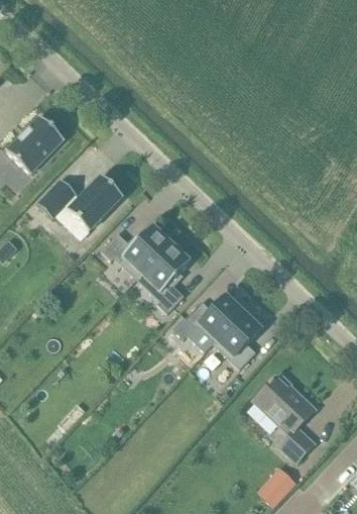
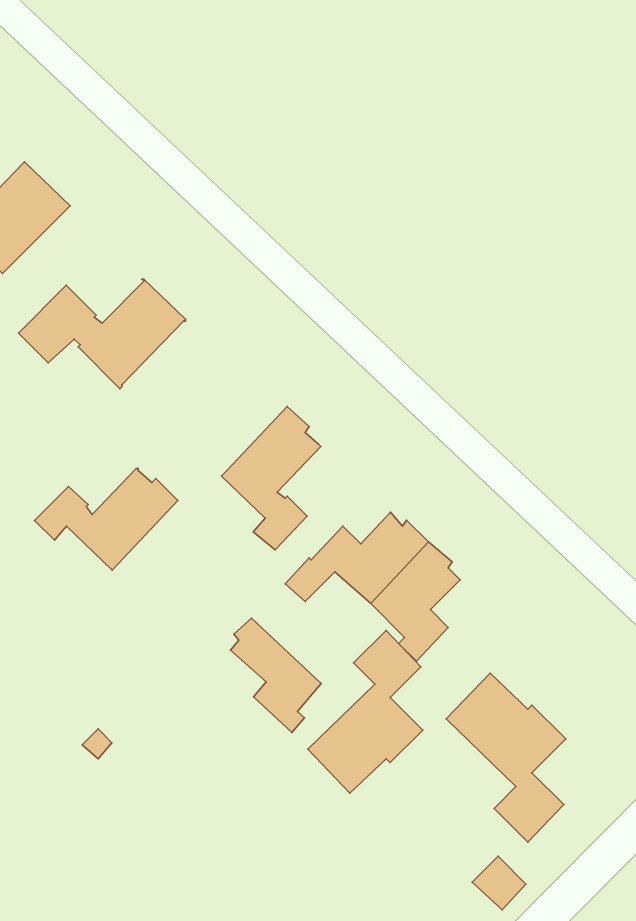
building: [101,225,173,277] -> [35,469,178,570]
building: none -> [231,618,321,733]
building: none -> [308,630,423,793]

